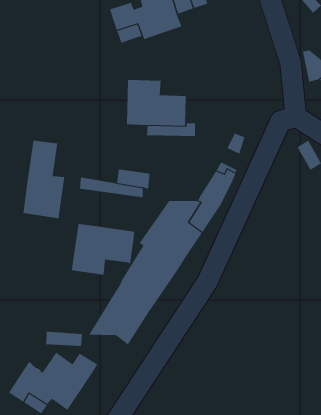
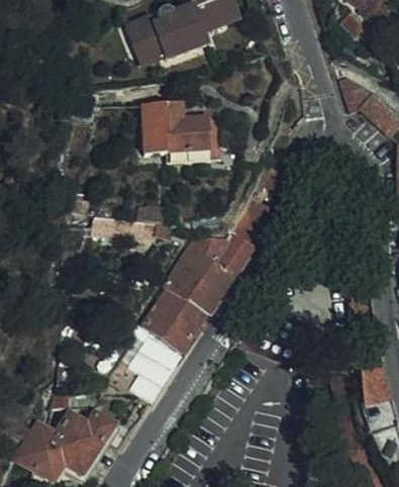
building: [23,140,65,219] -> none
building: [71,223,135,275] -> none

